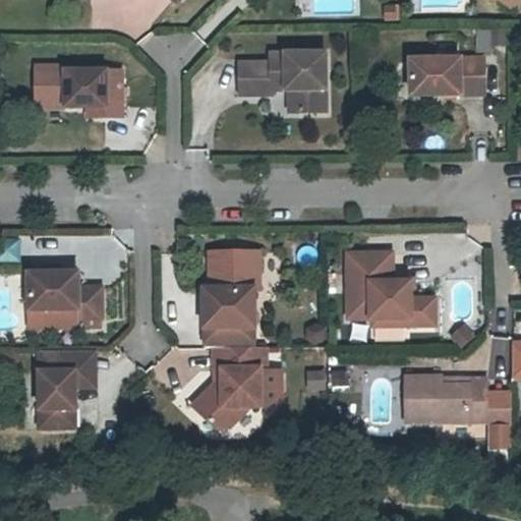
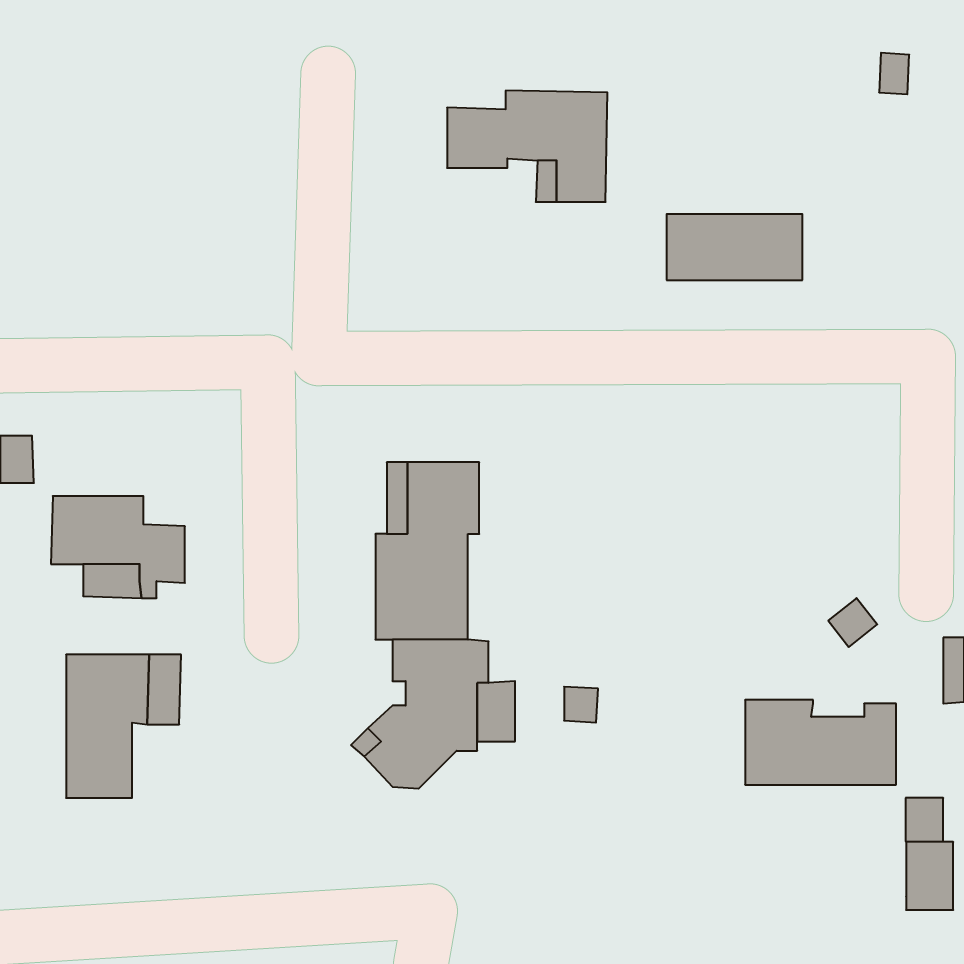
building: [413,58,486,94] -> [667,214,802,280]
building: [35,64,123,118] -> none
building: [347,249,433,323] -> none
building: [483,394,509,430] -> [906,842,953,910]

